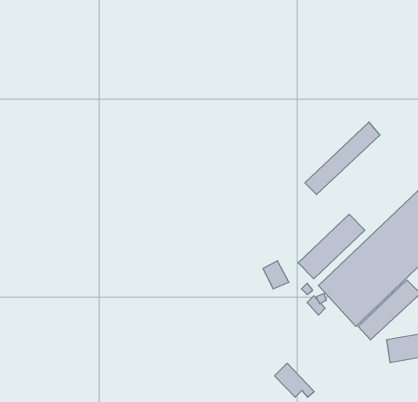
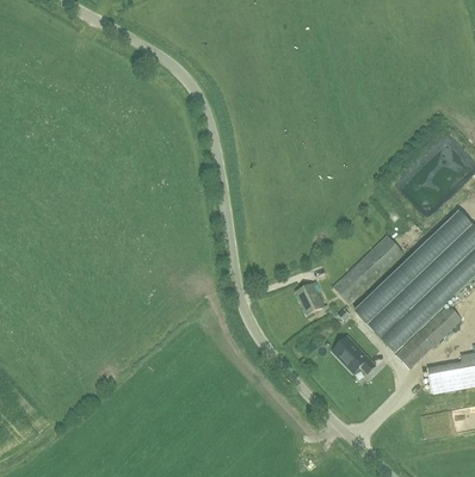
building: [305,122,380,195] -> none
building: [275,363,314,397] -> [333,336,375,372]

